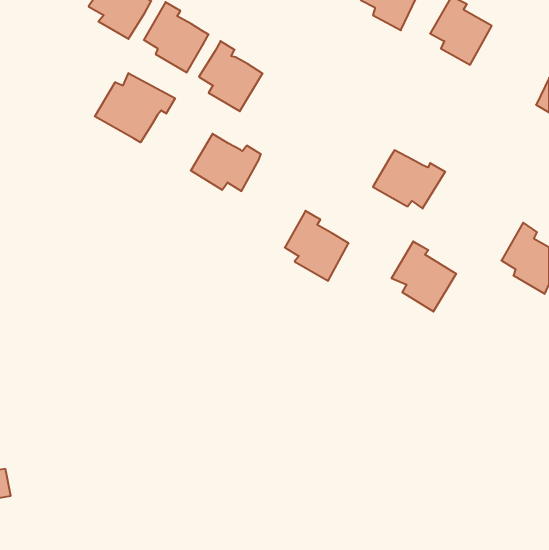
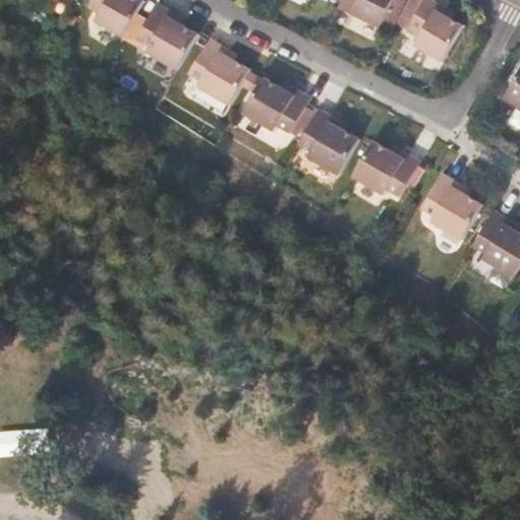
building: [95,73,175,142] -> none
building: [191,134,261,191] -> [242,78,308,132]
building: [285,211,349,281] -> [297,109,356,175]
building: [391,241,456,312] -> [419,174,480,240]

